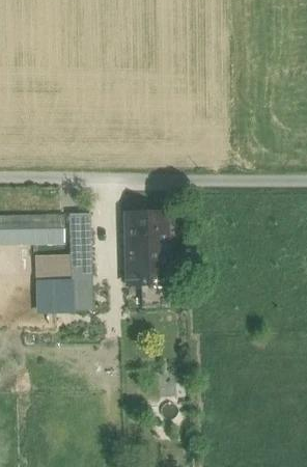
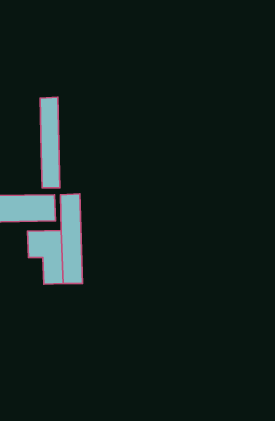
building: none -> [40,97,60,188]
building: [125,213,166,284] -> none

